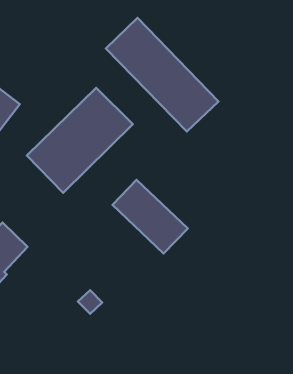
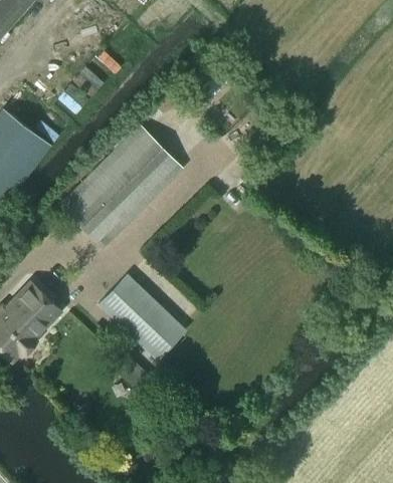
building: [106,18,218,131] -> none
building: [112,180,188,254] -> [99,274,186,359]

